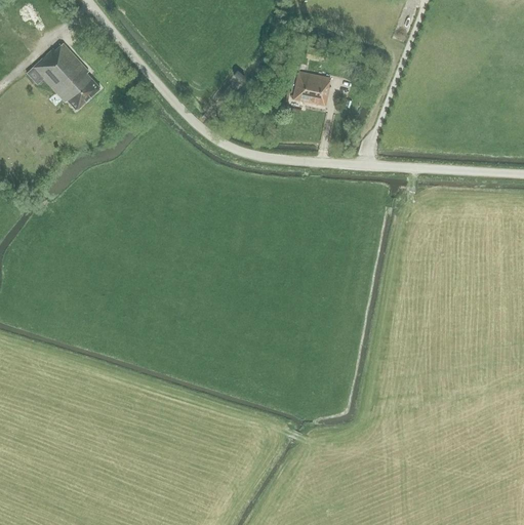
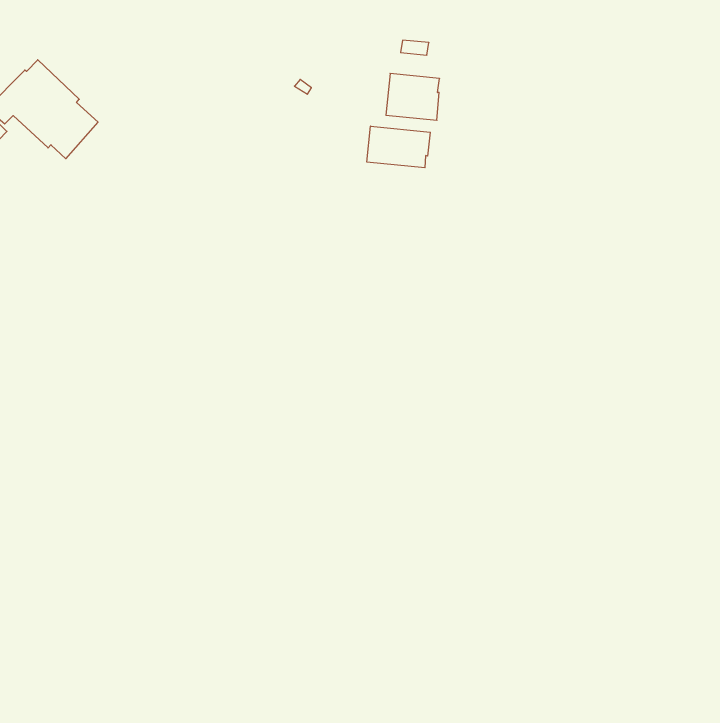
building: none -> [367,126,430,168]

